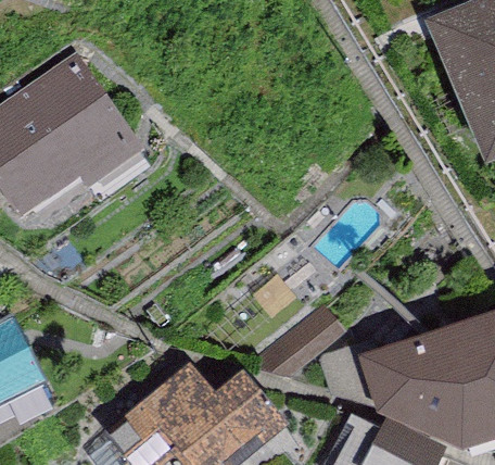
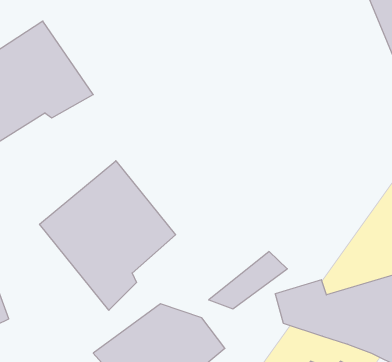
building: none -> [40,161,176,310]

